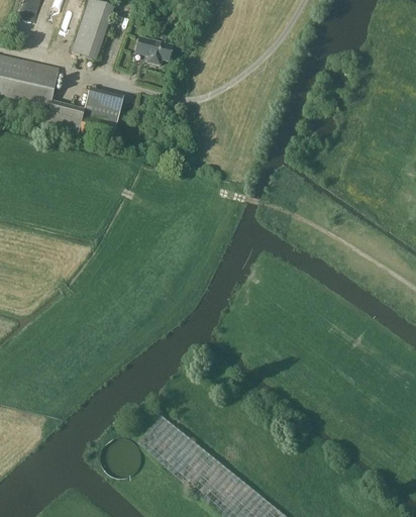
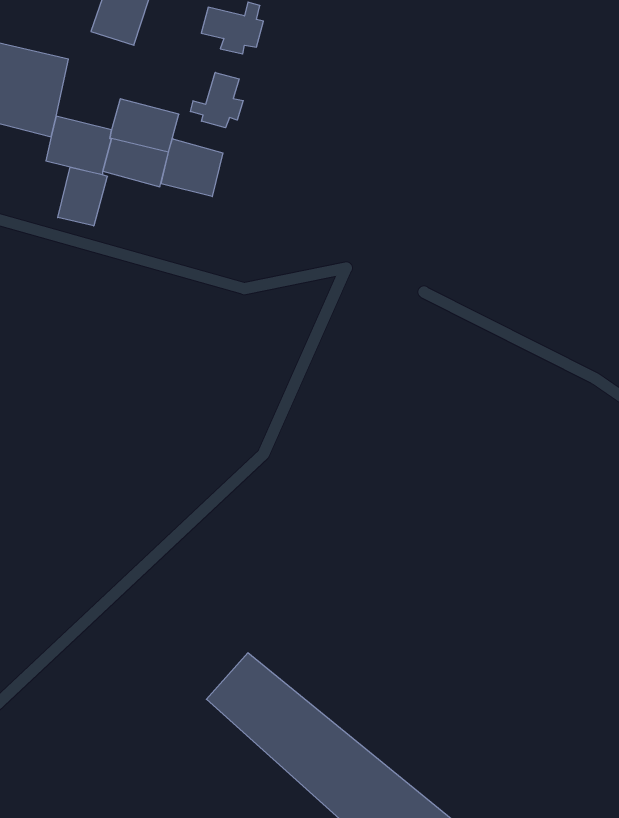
building: none -> [190,72,243,128]
building: none -> [161,138,223,197]
building: none -> [58,167,107,226]

